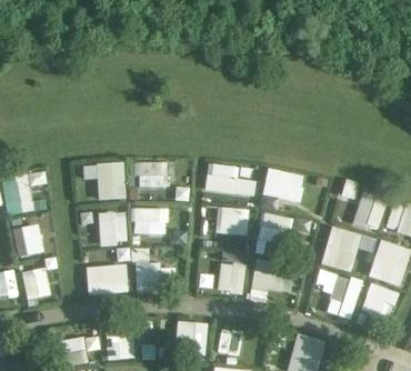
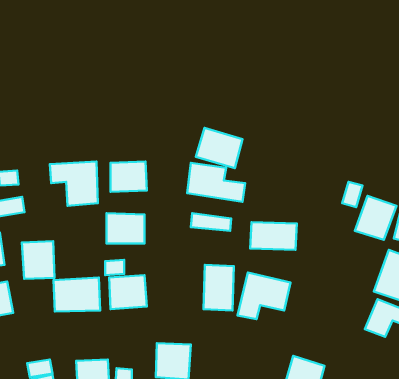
building: [262,168,303,203] -> [196,128,242,168]
building: [98,212,127,245] -> [22,241,55,279]
building: [321,227,362,272] -> none
building: [313,269,363,320] -> none

